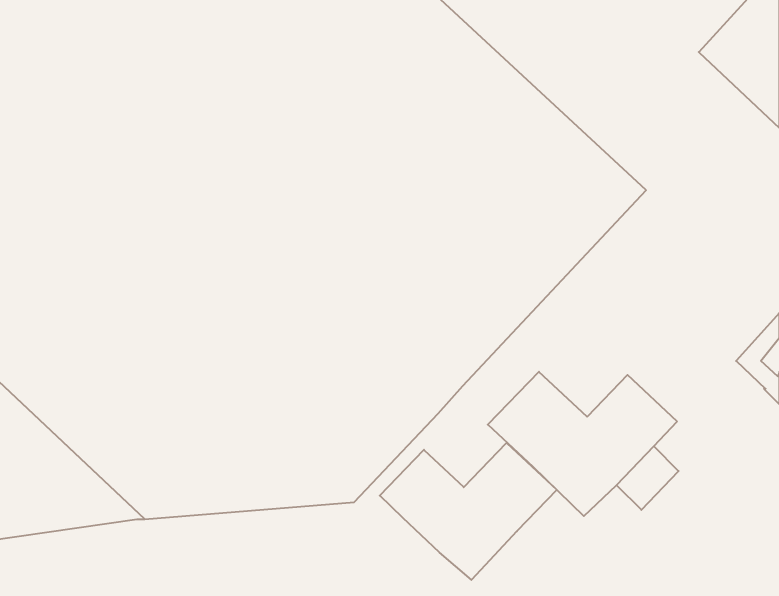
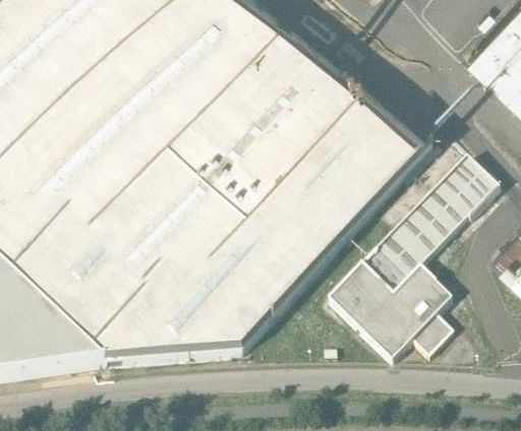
building: none -> [356,158,493,298]
building: [380,443,557,580] -> none

